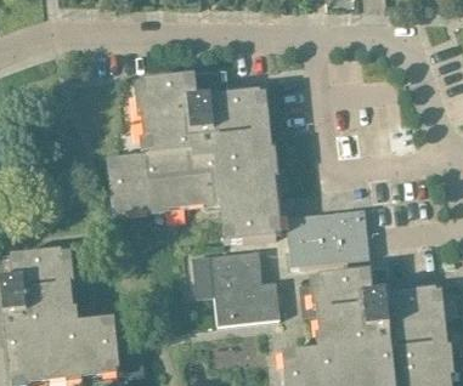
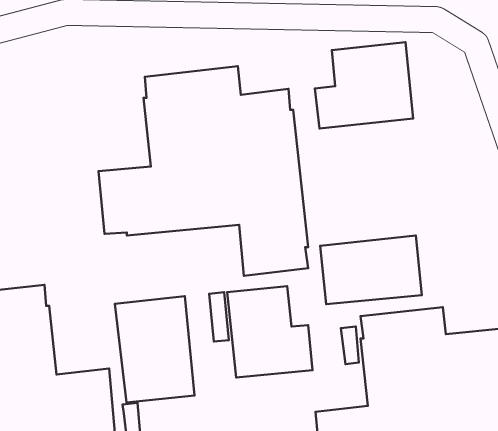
building: none -> [315,42,413,129]
building: none -> [115,296,194,403]

